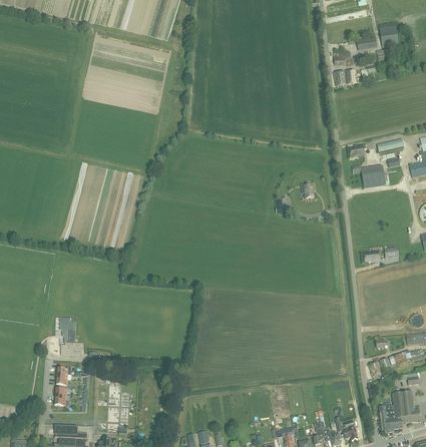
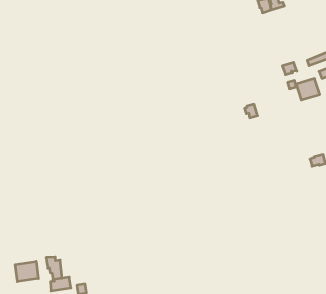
building: none -> [15,261,38,282]

